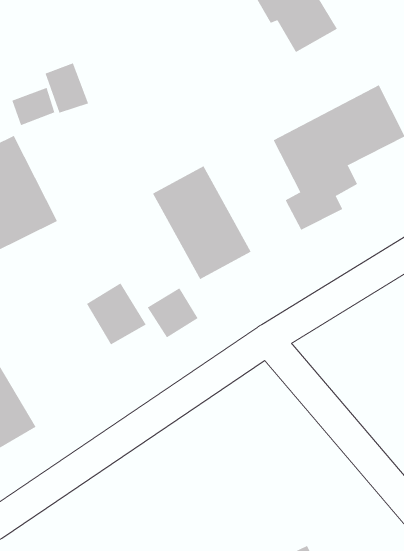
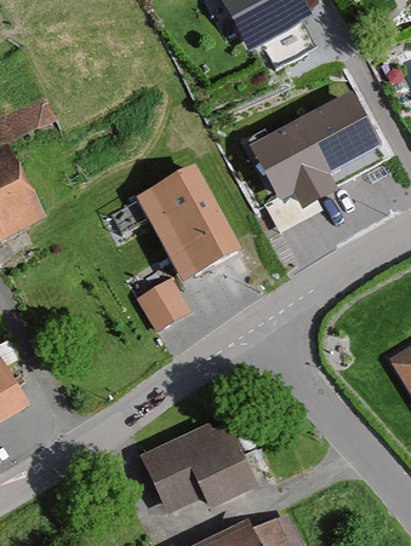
building: [45,63,89,113] -> none
building: [86,282,147,345] -> none
building: none -> [142,415,256,513]

